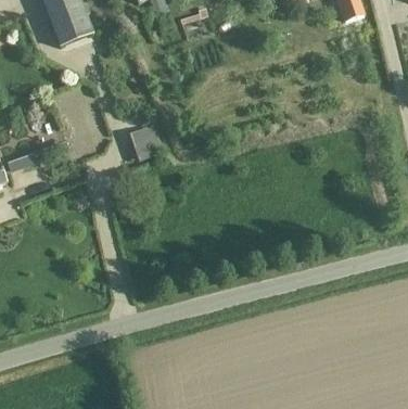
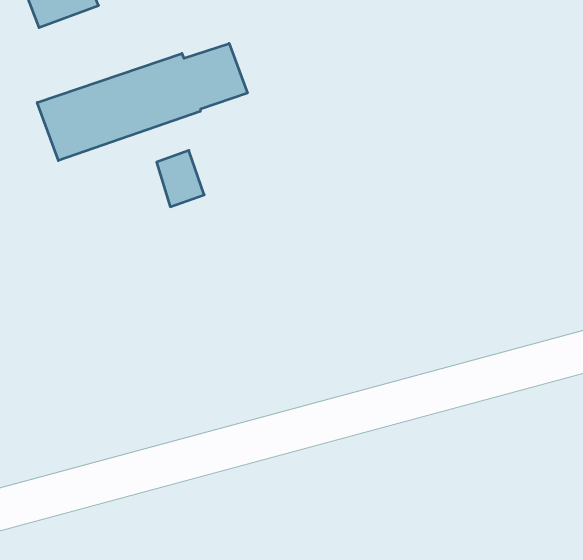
building: none -> [37,43,247,161]

